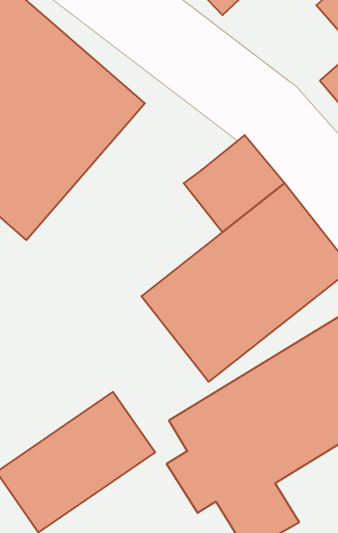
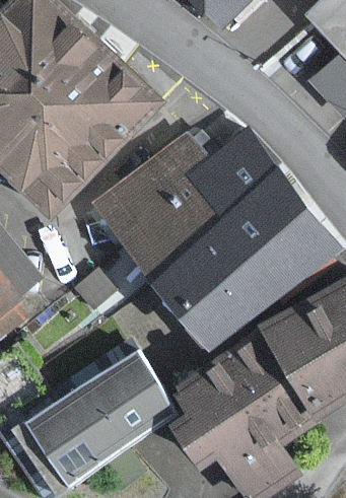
building: none -> [97,132,225,272]

